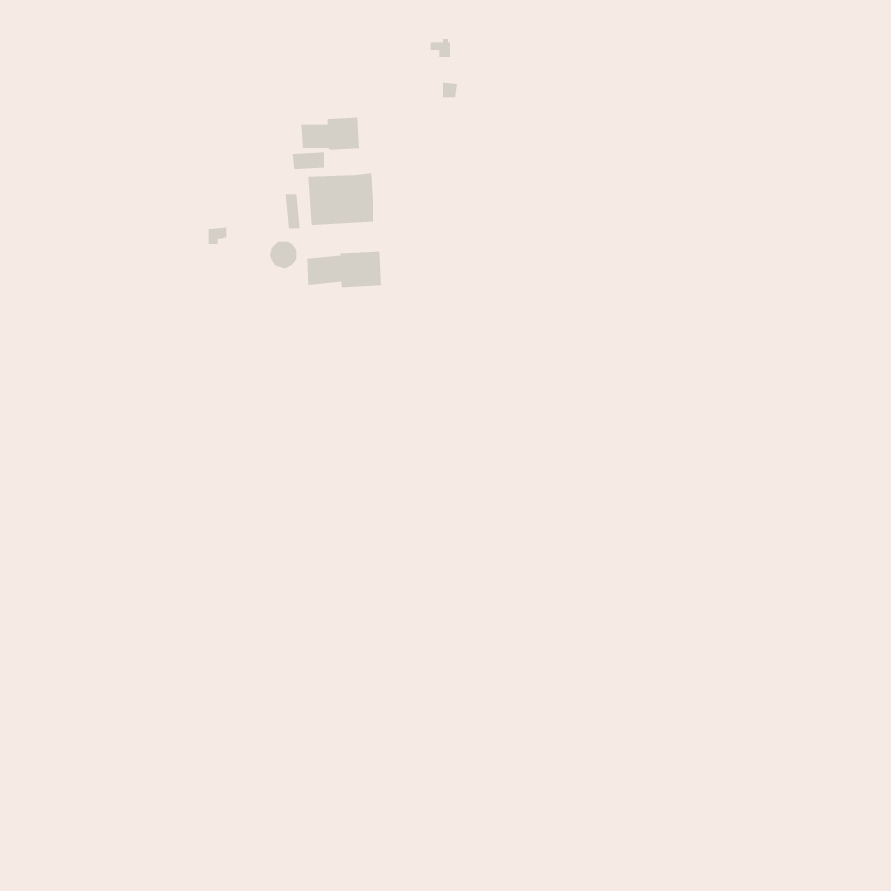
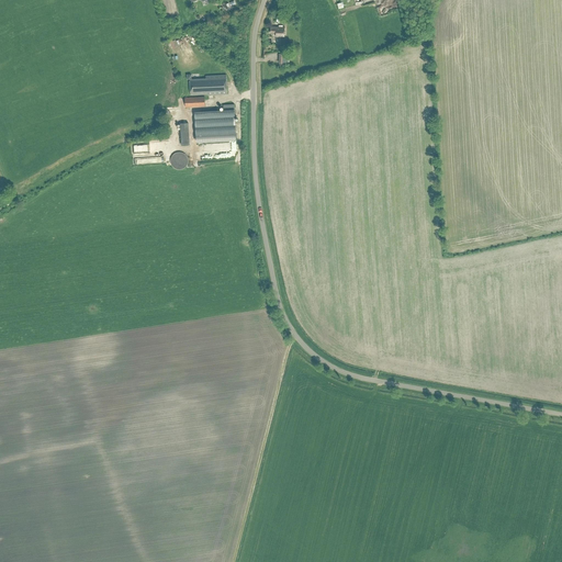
building: [307,251,382,288] -> none

